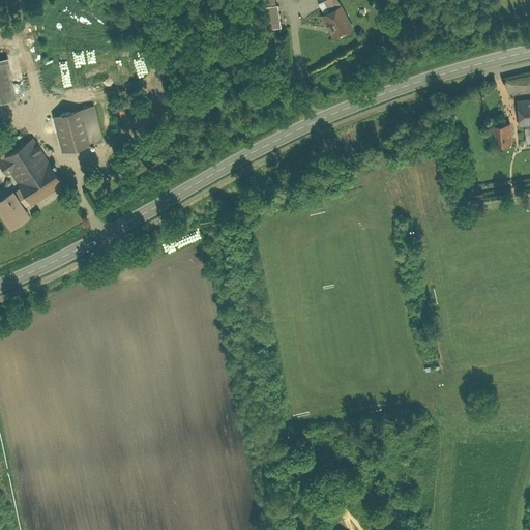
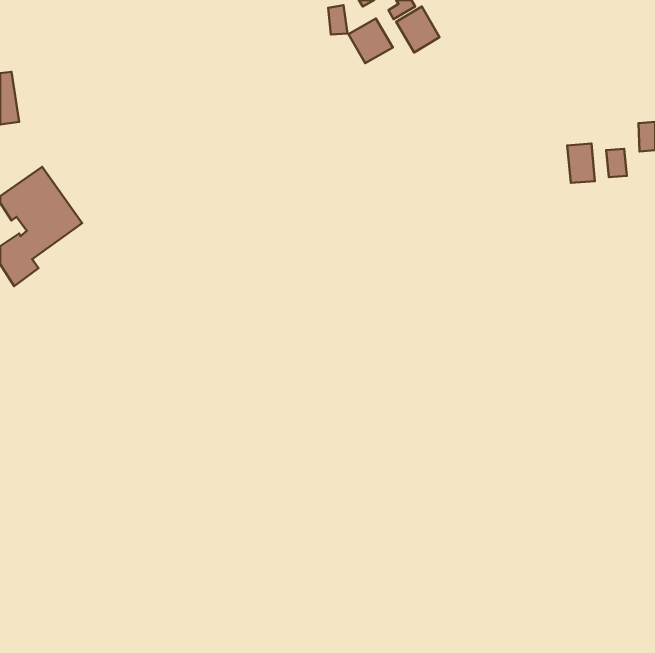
building: none -> [348,19,393,63]
building: [50,108,99,153] -> none
building: none -> [567,144,595,183]

